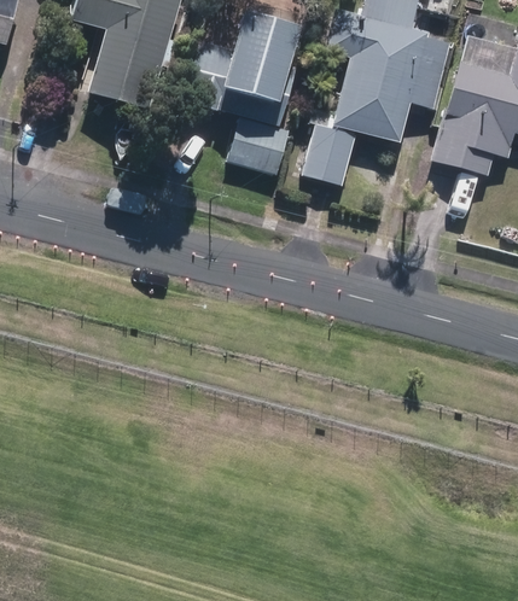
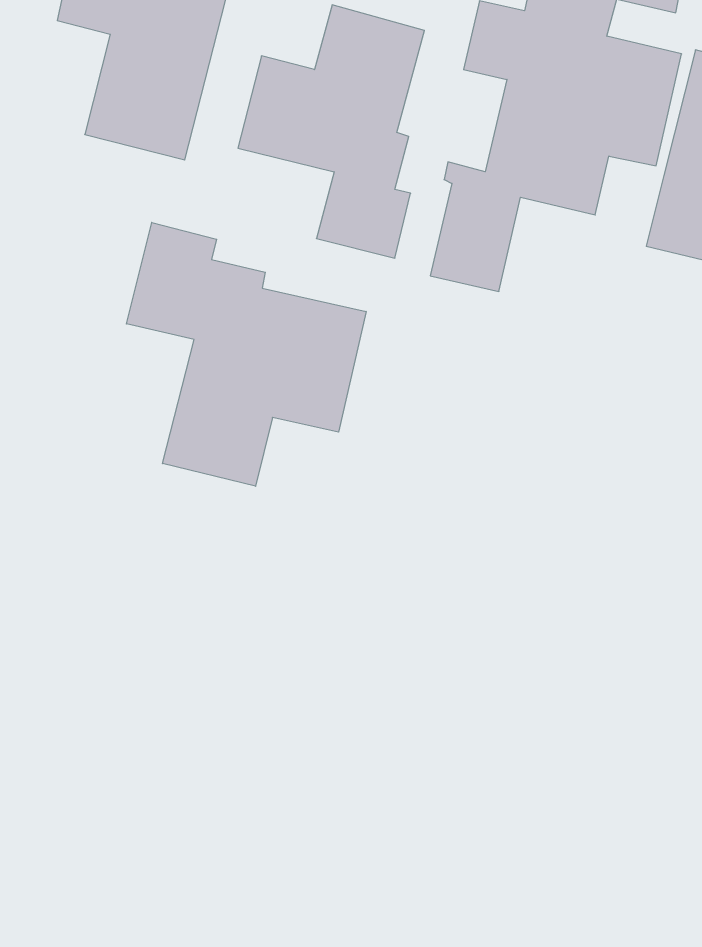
building: none -> [126,222,366,486]

